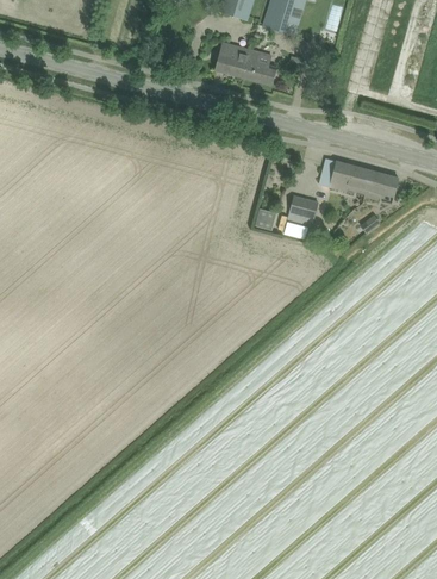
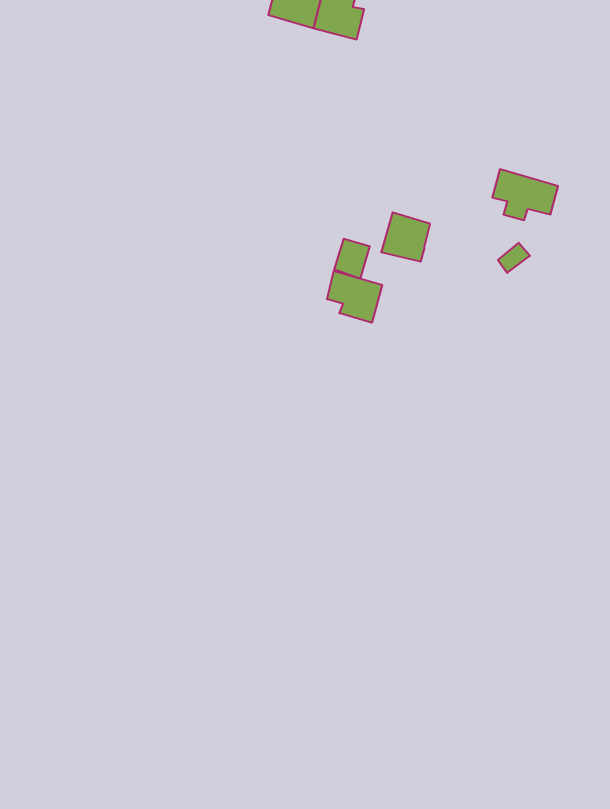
building: [318,157,361,191] -> none
building: none -> [327,271,382,323]

